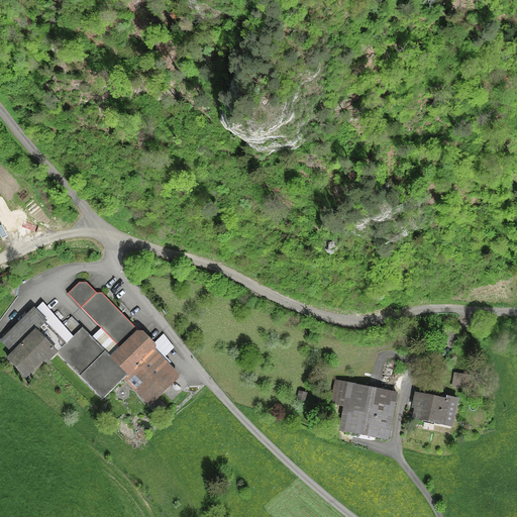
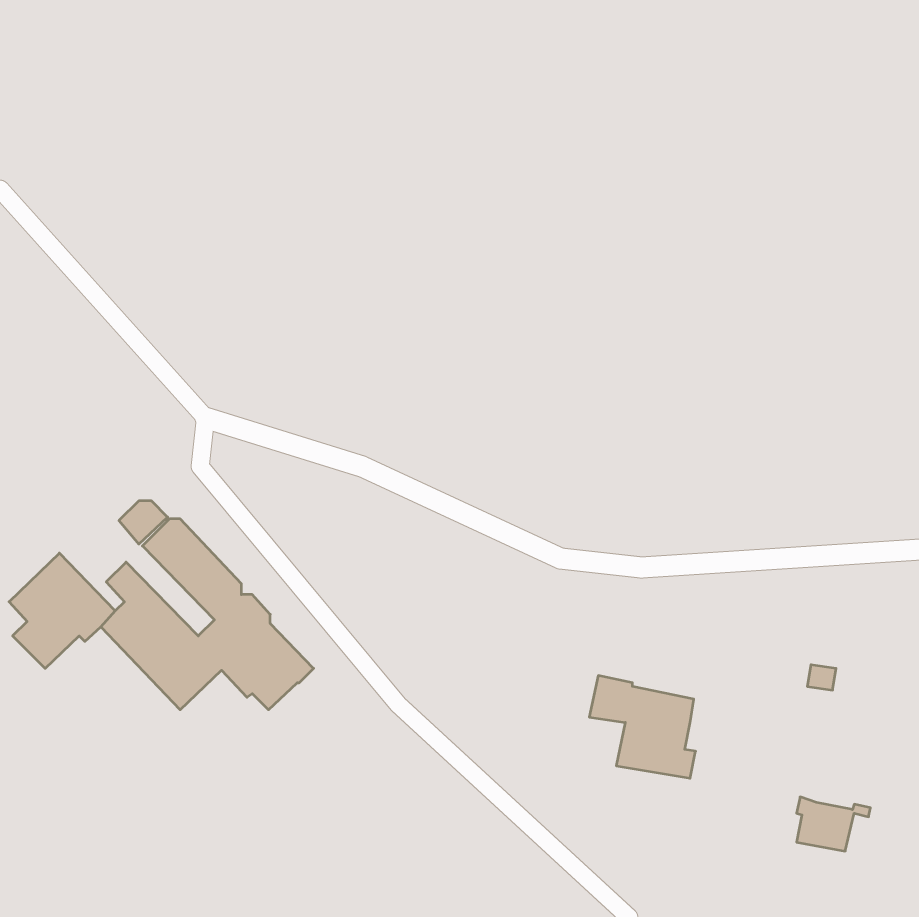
building: [415,392,456,422] -> [797,797,870,851]

